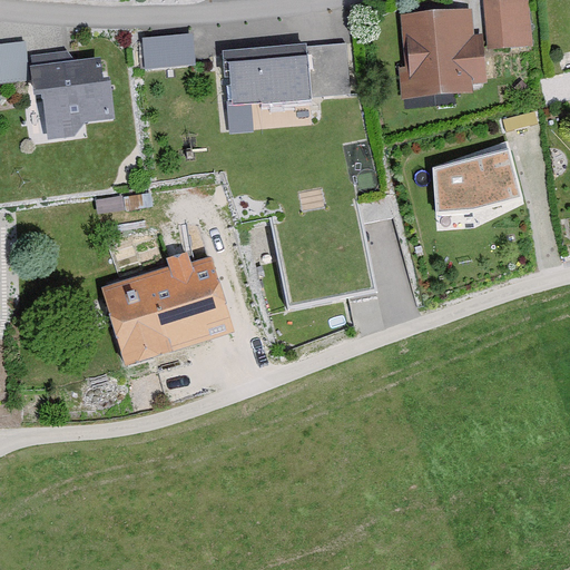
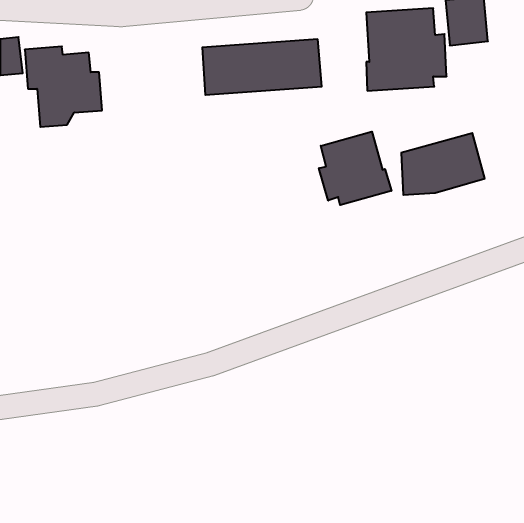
building: [141,33,195,67] -> none
building: none -> [319,132,391,205]
building: [100,253,234,365] -> none

